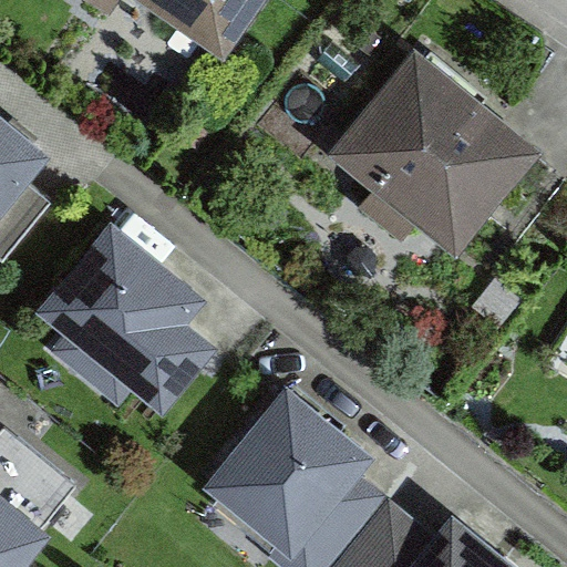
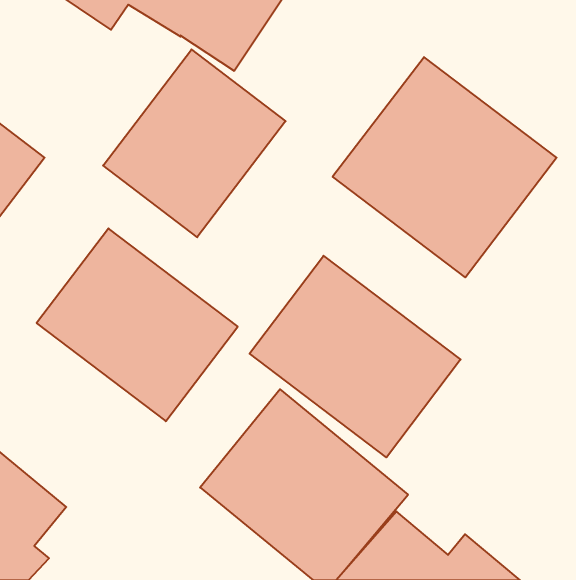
building: none -> [103,49,286,237]
building: none -> [250,256,461,457]

